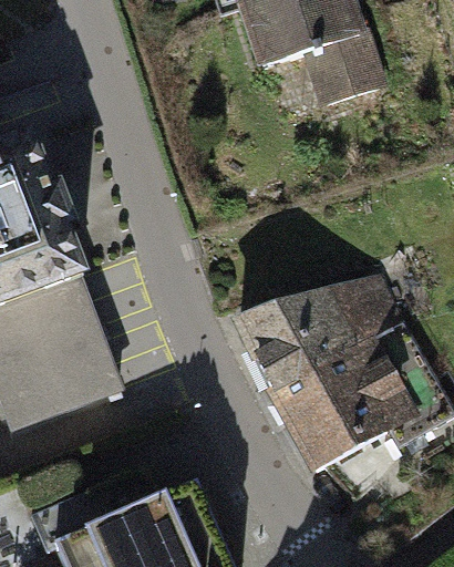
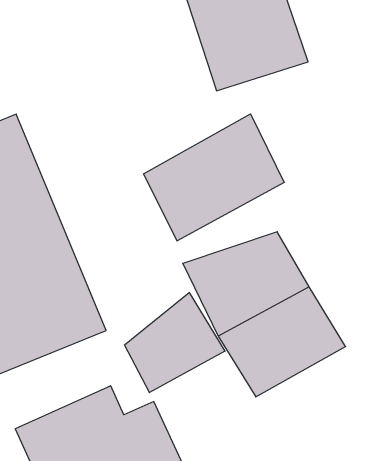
building: none -> [144,114,284,241]
building: none -> [125,293,225,393]

